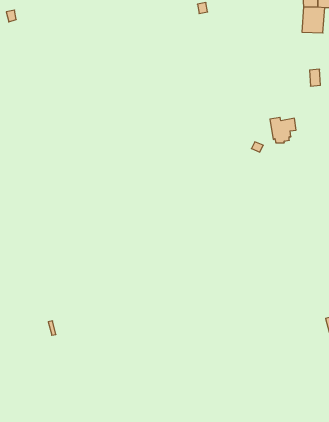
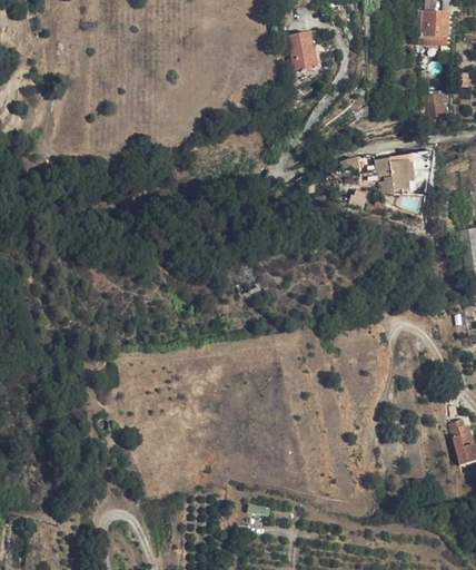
building: none -> [289,31,318,71]

